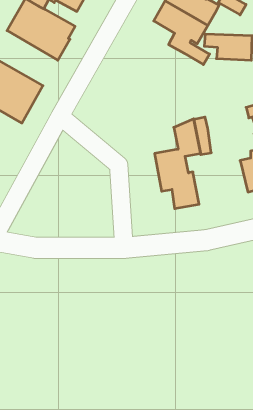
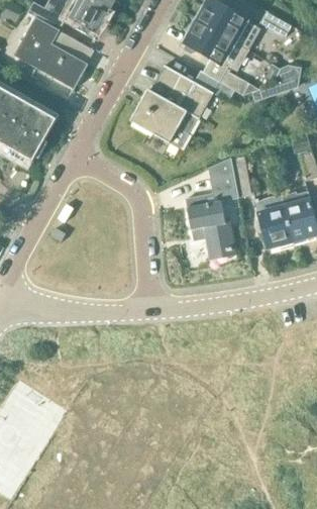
building: none -> [131,65,220,147]
building: none -> [255,195,294,247]

